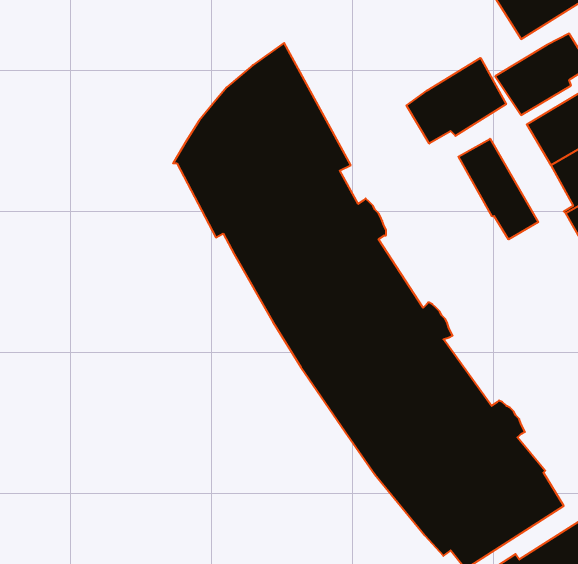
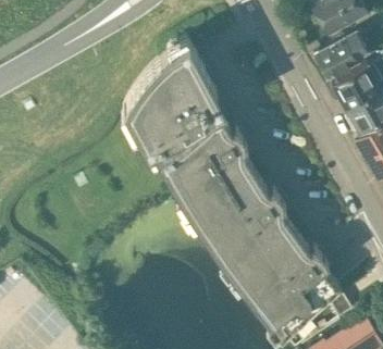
building: [406,58,506,144] -> none
building: [458,139,538,239] -> none

